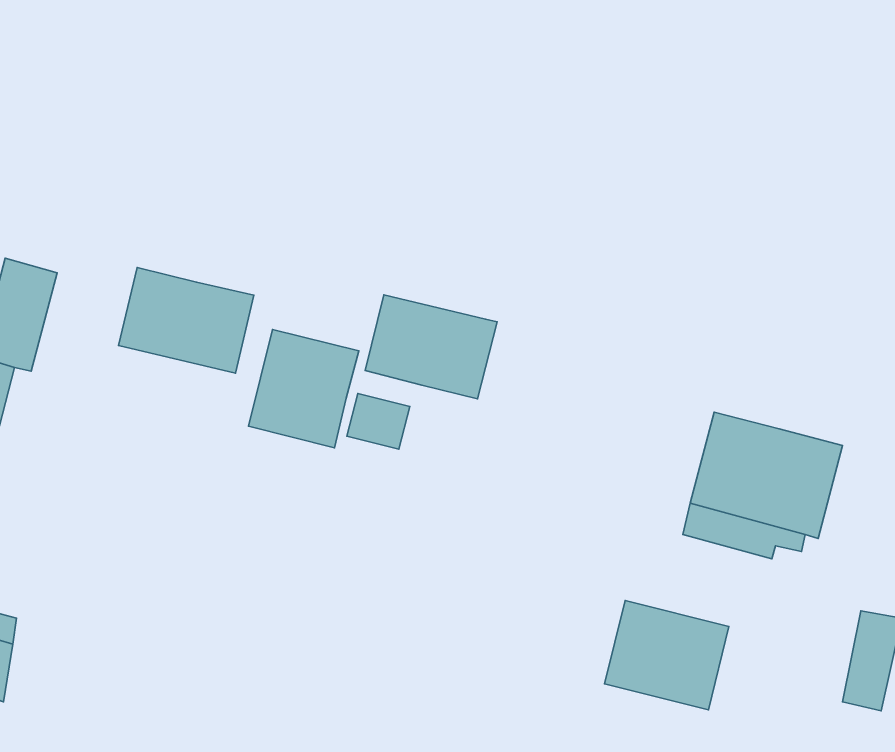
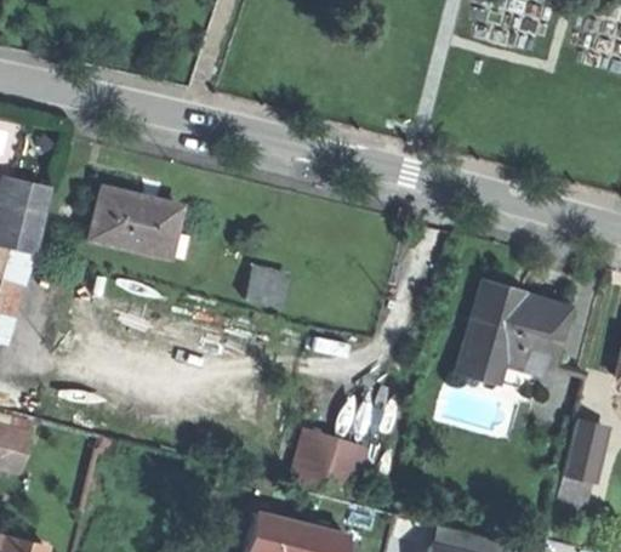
building: [365,295,497,399] -> none
building: [248,329,359,448] -> none
building: [605,600,729,710] -> [289,425,370,496]

